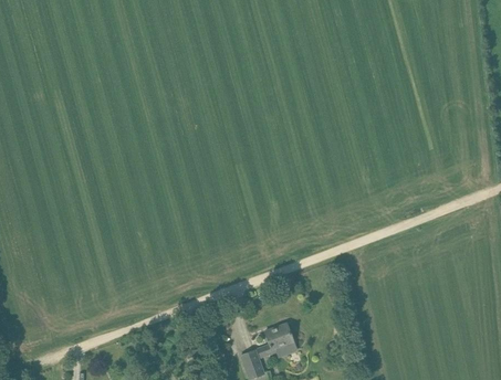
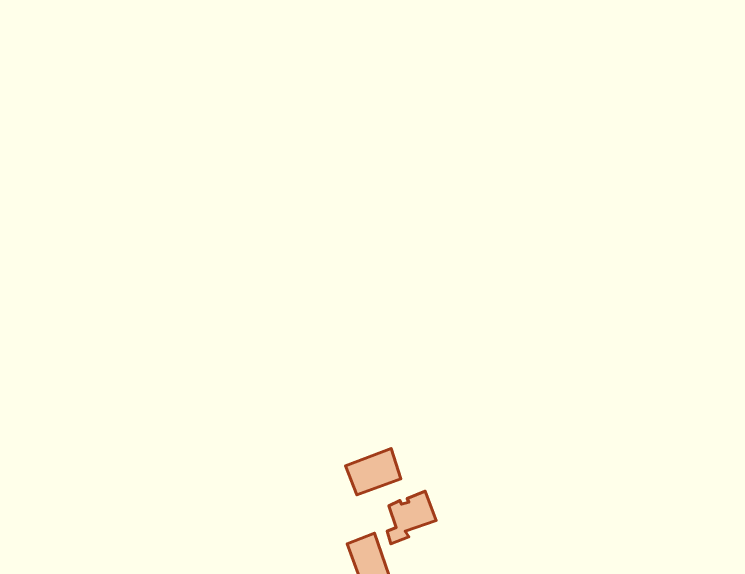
building: none -> [345,449,401,495]

